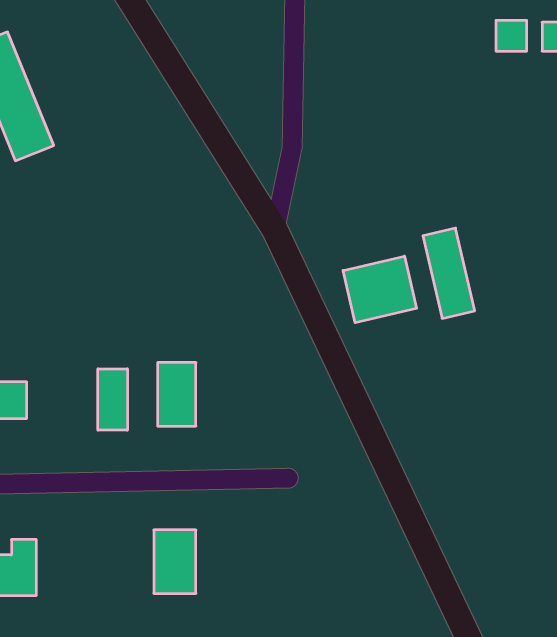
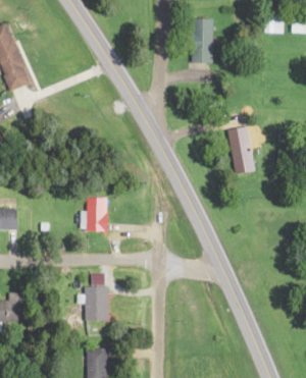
building: none -> [193,18,213,62]
building: [343,256,417,323] -> none
building: [98,369,127,430] -> none

